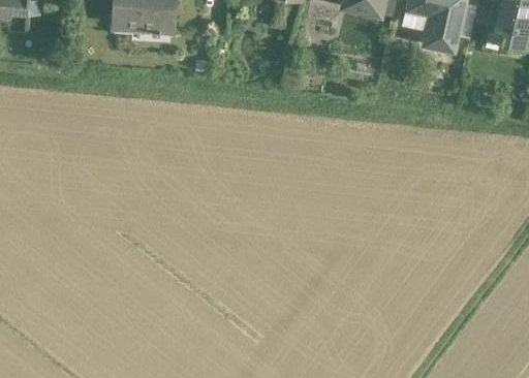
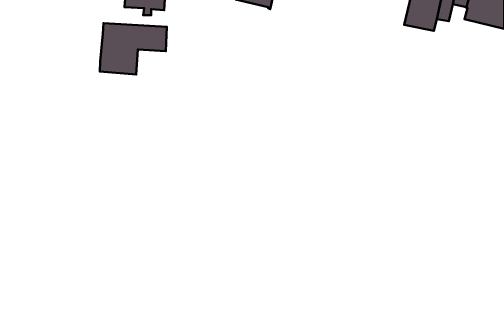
building: none -> [100,23,167,75]

